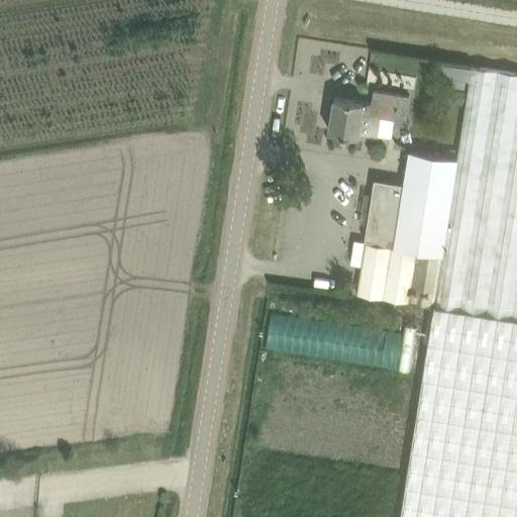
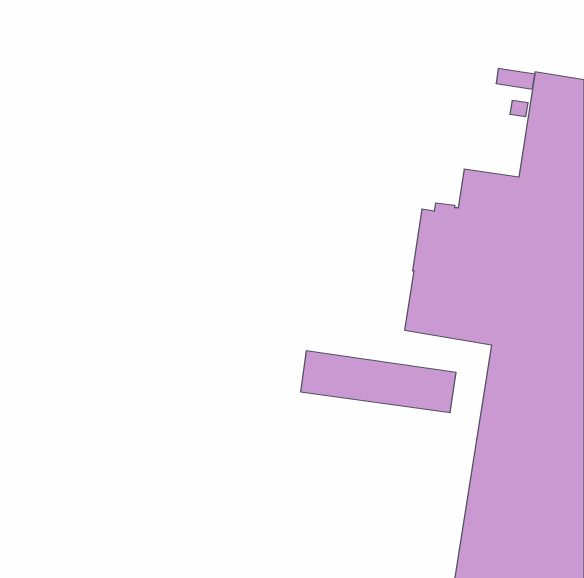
building: [330,94,401,140] -> none

